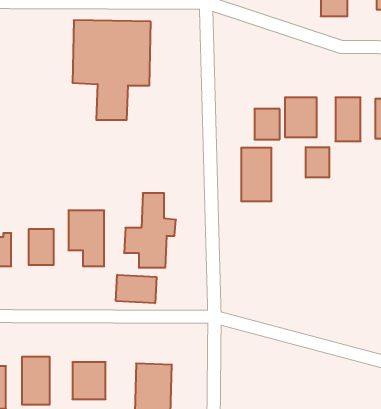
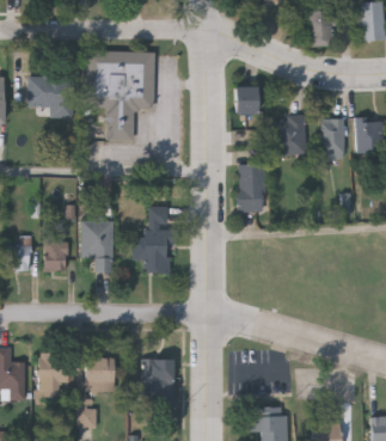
building: none -> [29,76,73,117]
building: [254,109,280,139] -> [234,87,257,115]
building: [306,147,329,178] -> none
building: [116,275,156,303] -> none

